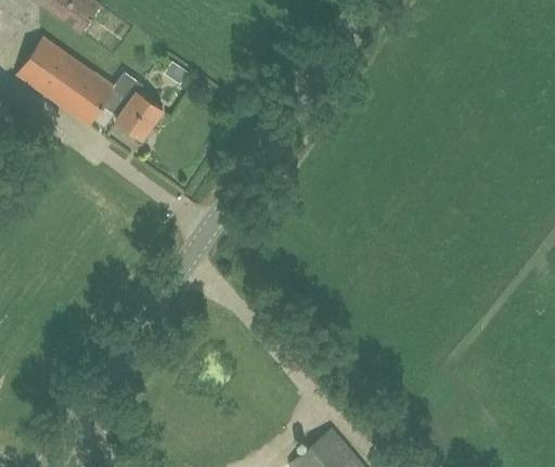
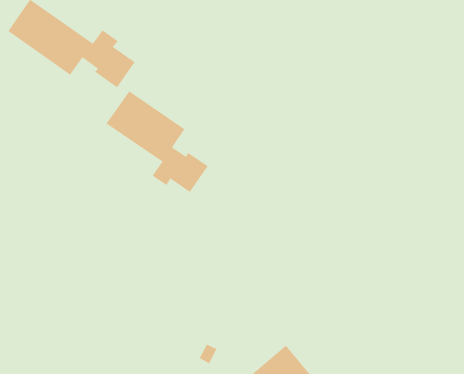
building: none -> [105,90,208,193]

